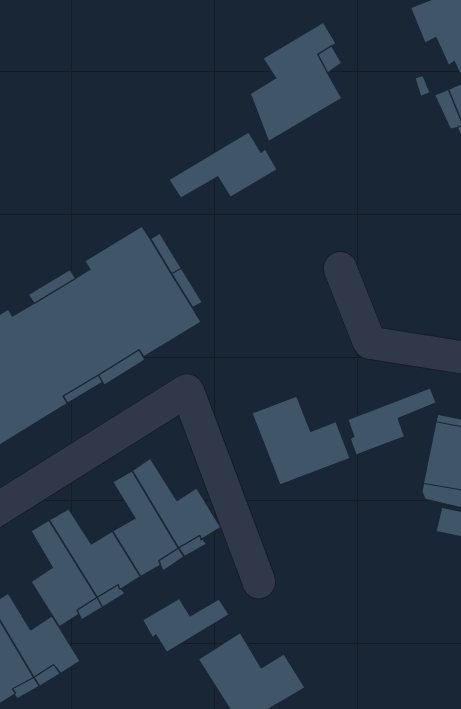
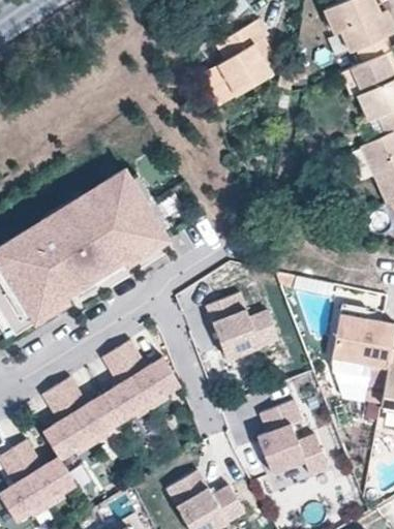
building: [169,132,277,198] -> none
building: [348,388,436,455] -> none
building: none -> [261,402,329,476]
building: [143,598,229,652] -> none

